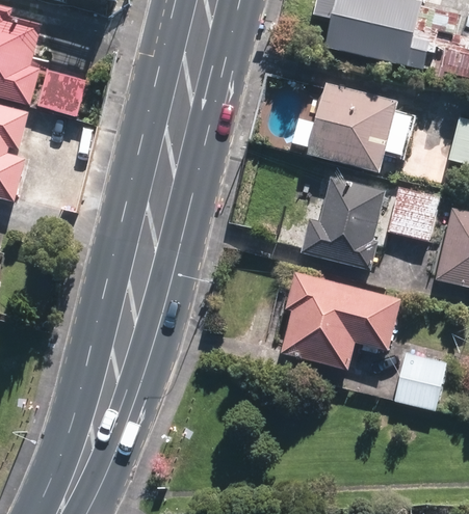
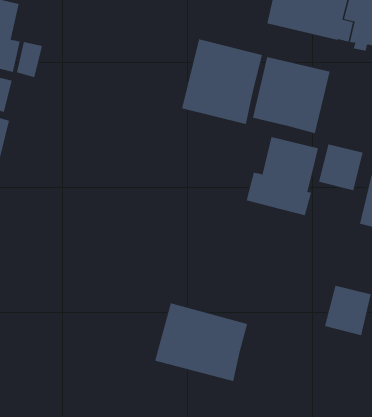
building: none -> [181,38,263,125]
building: [281,272,402,370] -> none
building: none -> [154,303,248,382]

